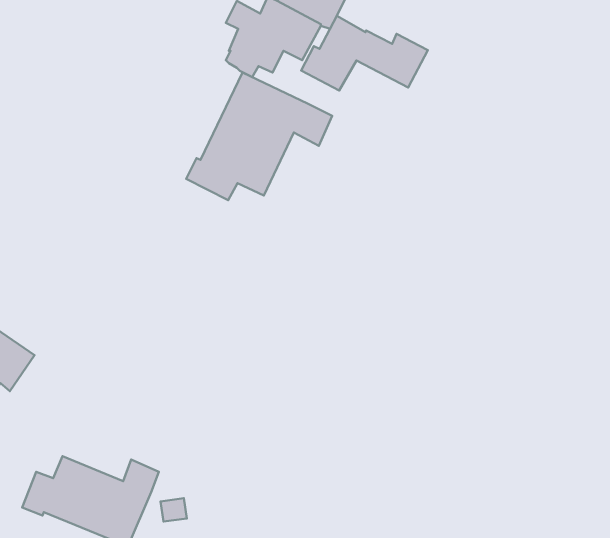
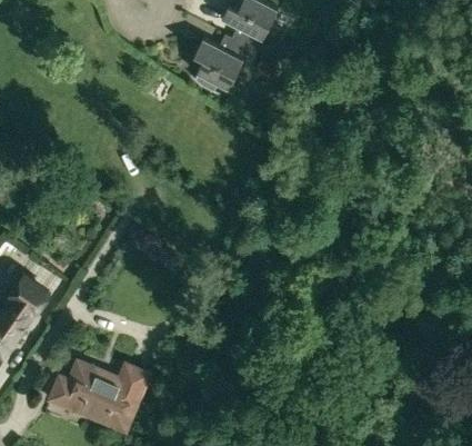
building: [301,16,428,90] -> none
building: [186,73,332,200] -> none

